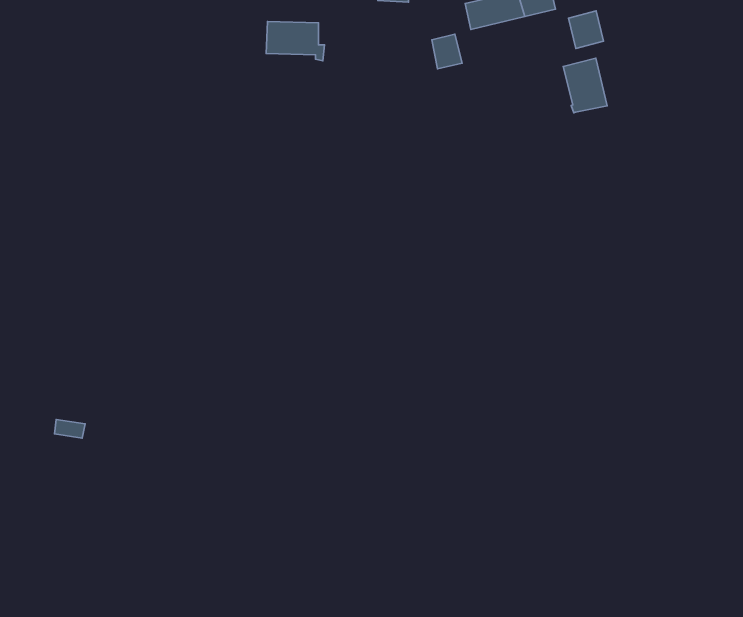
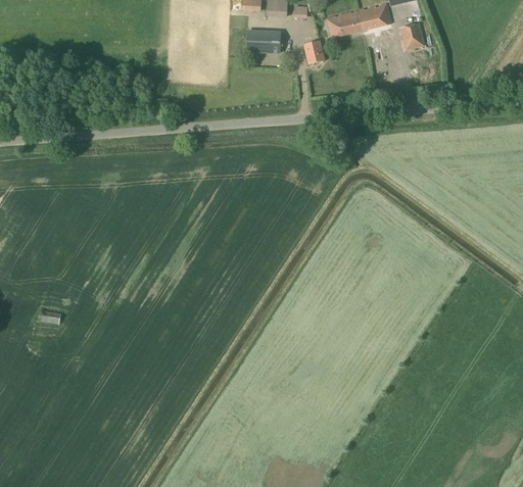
building: [266,21,324,61] -> [249,31,290,58]
building: [563,58,607,113] -> none

